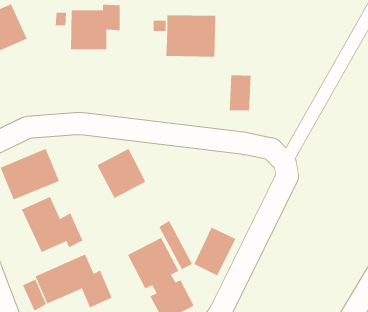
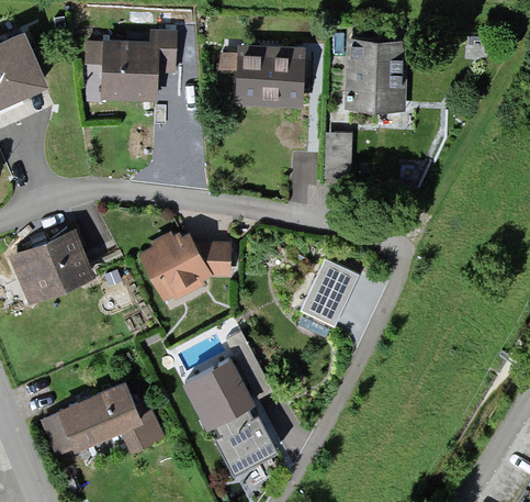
building: none -> [346,41,405,110]
building: none -> [192,244,229,279]
building: [21,196,83,253] -> none
building: [194,227,236,276] -> [302,259,360,327]

